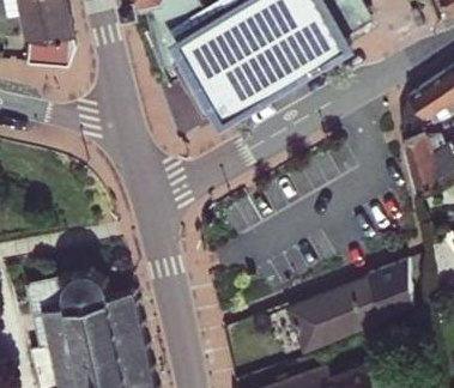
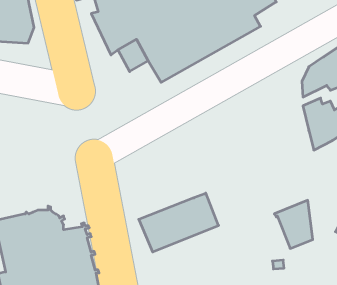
building: [289,278,386,350] -> [139,193,219,252]

